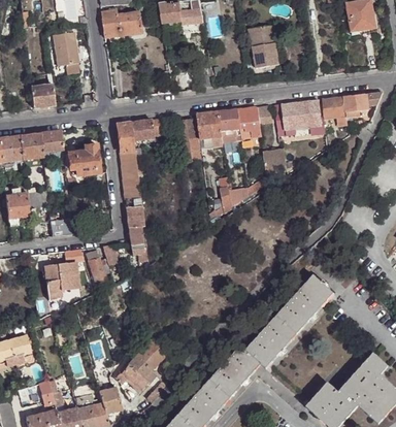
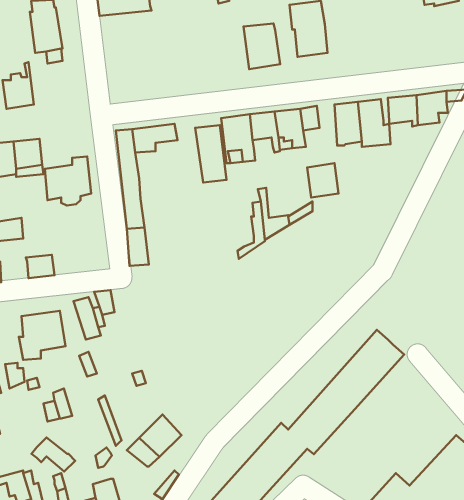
building: none -> [244,23,280,69]
building: [127,224,144,260] -> none
building: [113,364,146,390] -> [32,437,75,472]

